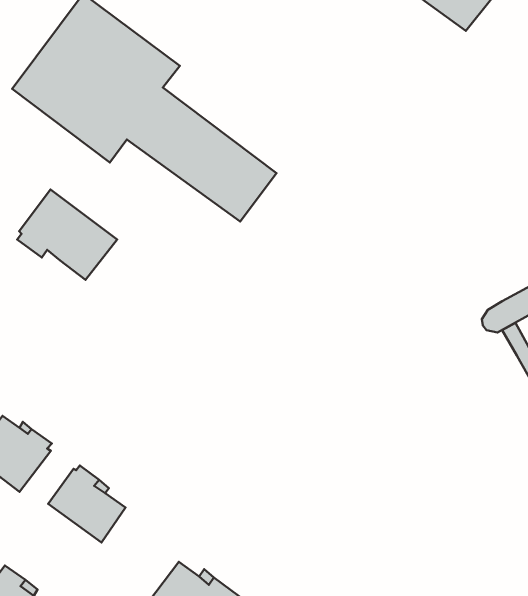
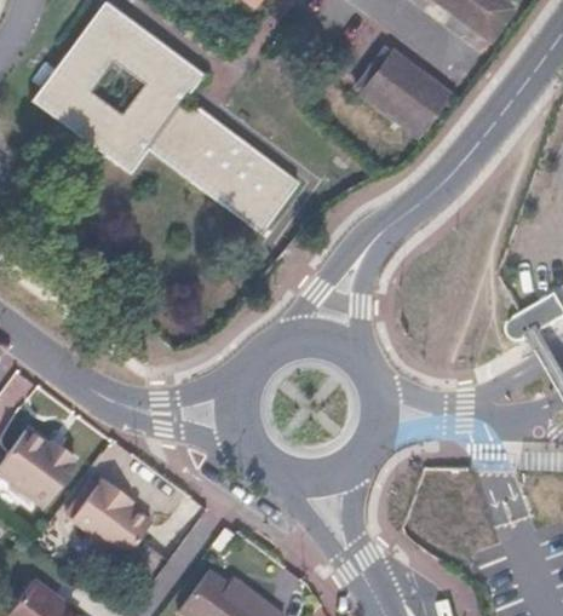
building: none -> [361,50,449,136]
building: [17,190,117,280] -> none

